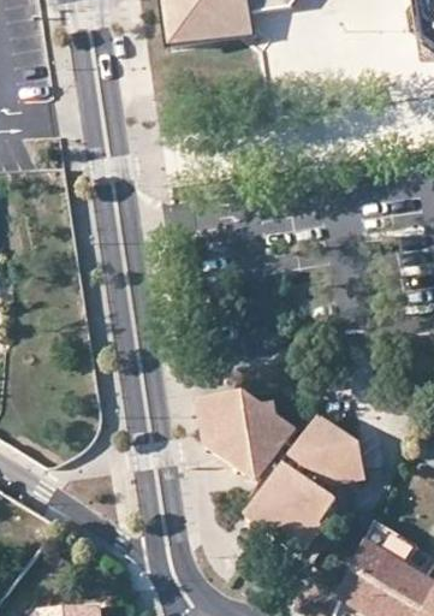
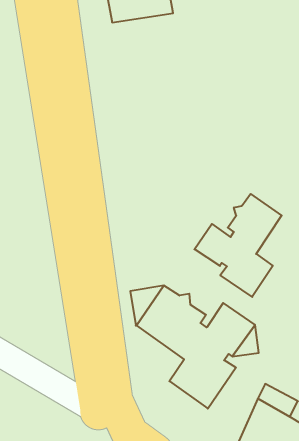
building: none -> [194,194,282,297]

